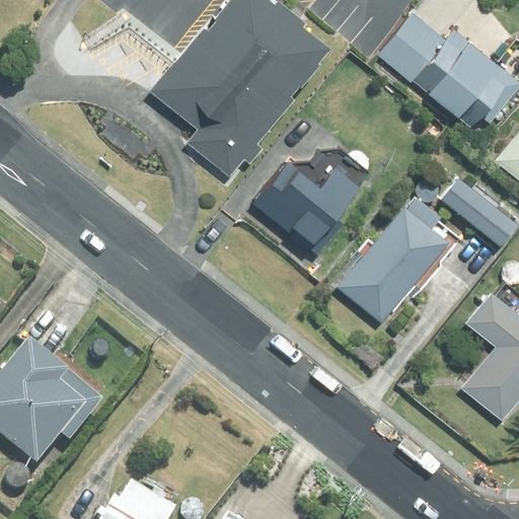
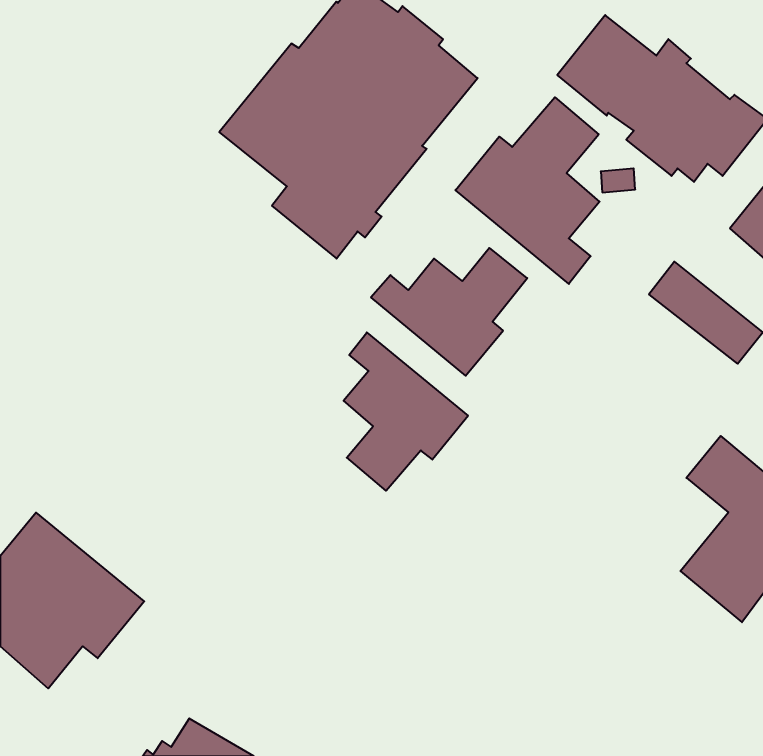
building: none -> [455,97,600,284]
building: [339,199,445,321] -> none
building: none -> [344,332,468,491]

